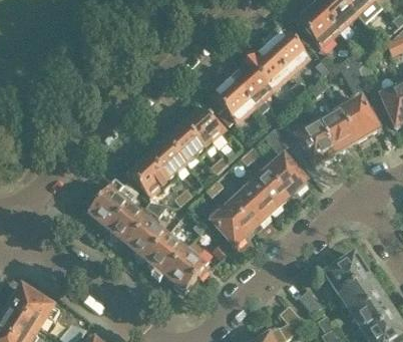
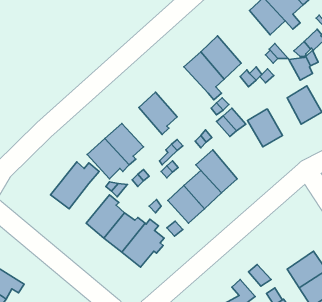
building: [265,29,309,74] -> none
building: [211,78,255,123] -> none
building: [315,110,354,151] -> none
building: [162,121,206,163] -> none
building: [265,156,305,198] -> none
building: [106,203,149,245] -> none
building: [325,254,367,294] -> none

